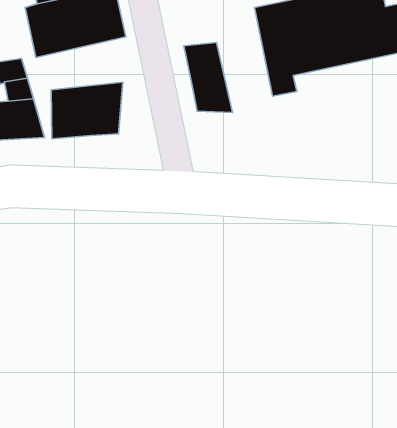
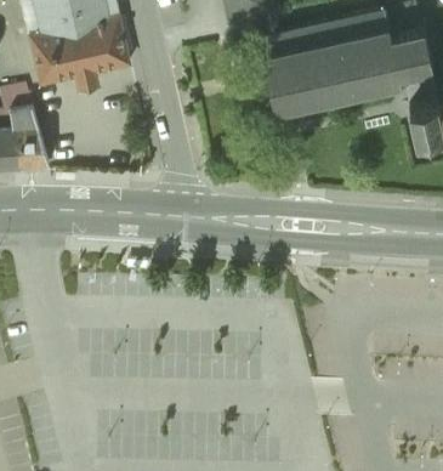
building: [184,43,232,113] -> none
building: [51,82,123,139] -> none

